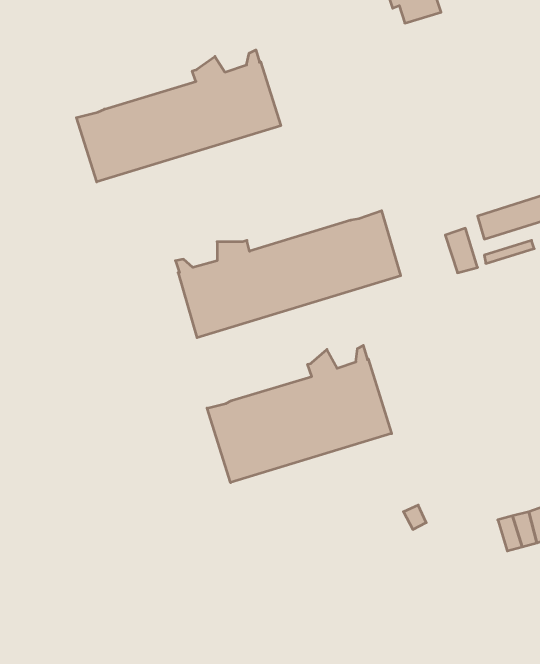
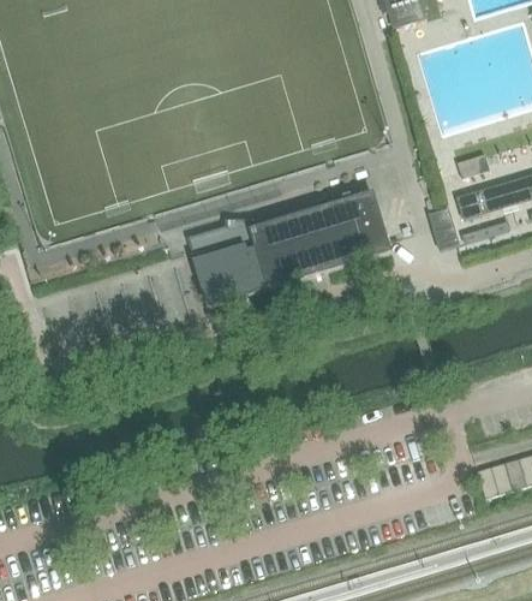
building: [76,50,281,182] -> none
building: [207,345,392,483] -> none

